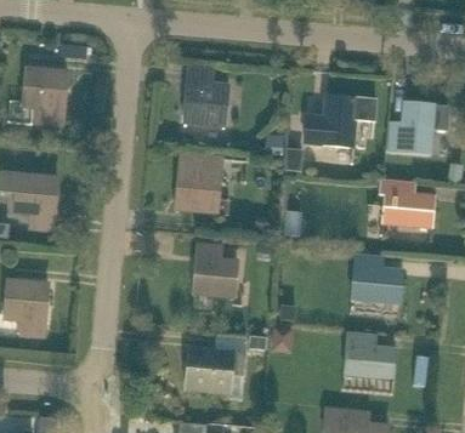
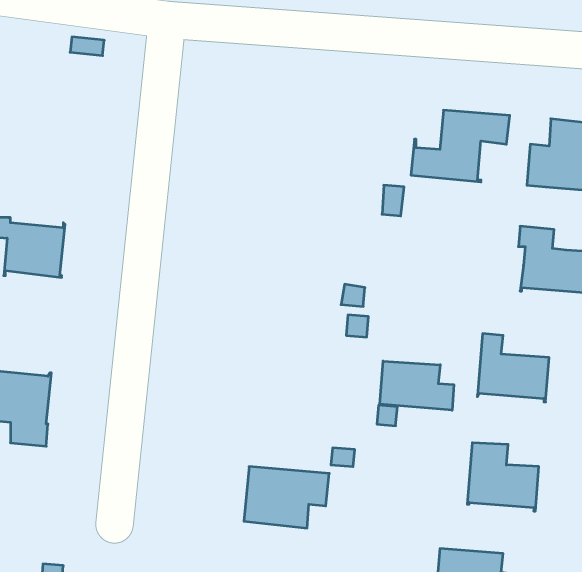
building: [24,67,67,123] -> none
building: [185,82,228,127] -> none
building: [177,154,229,215] -> none
building: [194,257,238,298] -> none
building: none -> [380,361,454,410]

